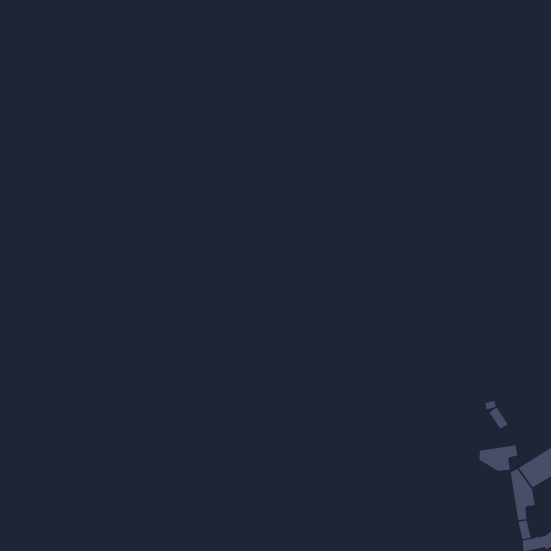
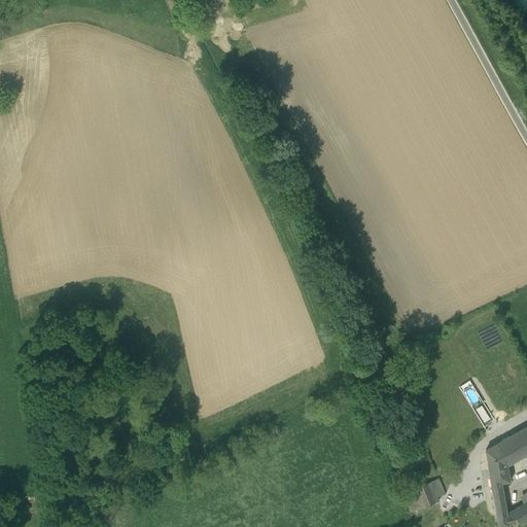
building: [478,445,518,471] -> none
building: none -> [417,480,446,507]

